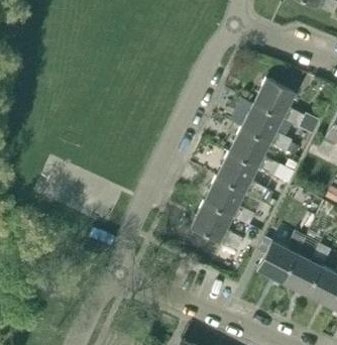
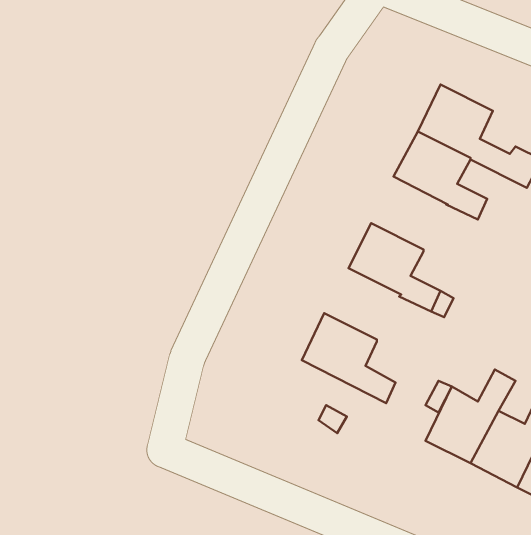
building: [229,128,279,177] -> none
building: [204,178,254,226] -> none

